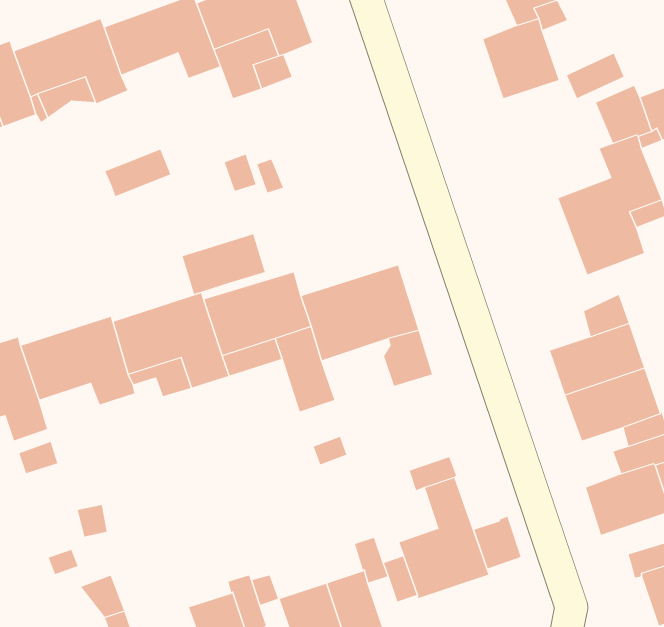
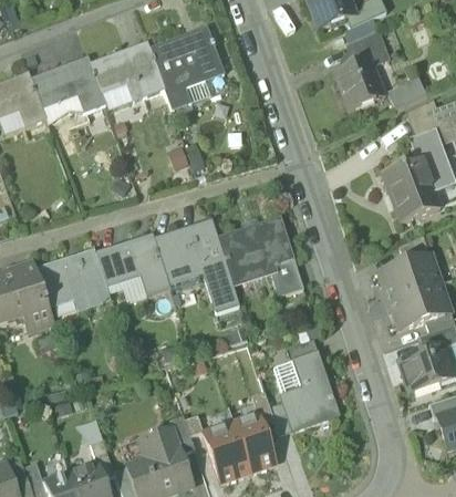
building: [104,149,171,197] -> [101,79,144,110]
building: [182,233,266,295] -> none
building: [474,516,521,569] -> [274,360,305,394]

